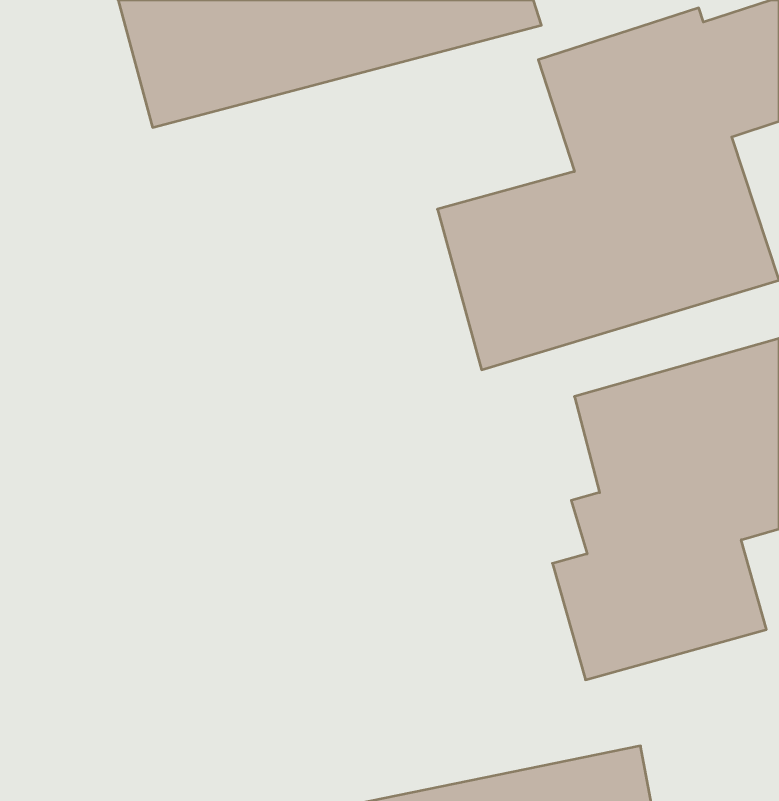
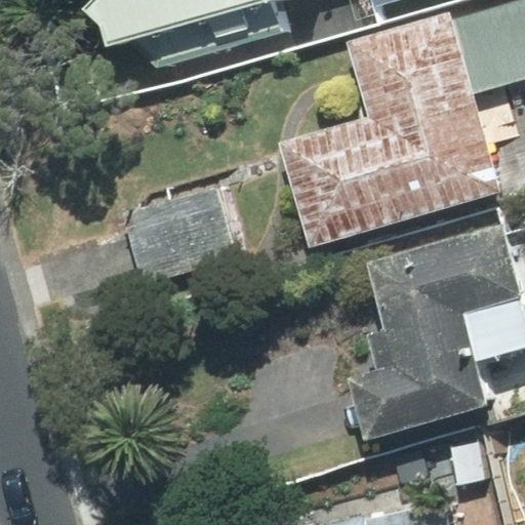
building: none -> [121,183,233,283]

